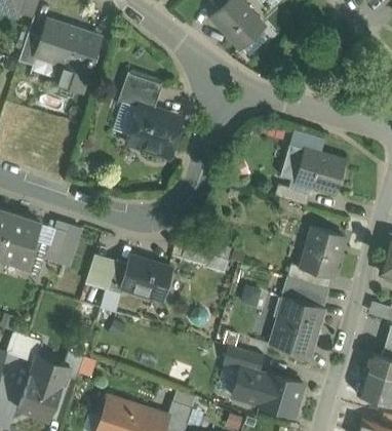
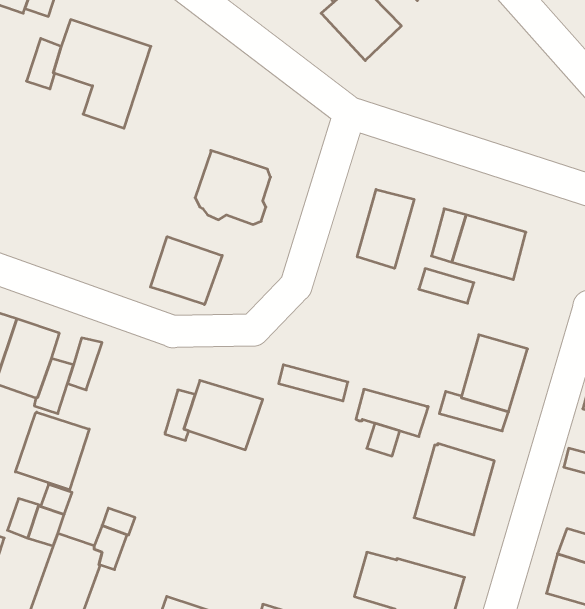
building: [118,72,163,111] -> none
building: none -> [357,189,414,268]
building: none -> [150,237,222,305]
building: [86,254,117,289] -> none
building: none -> [15,412,89,490]
building: [282,277,329,308] -> [356,389,428,437]
building: [224,346,264,373] -> none

